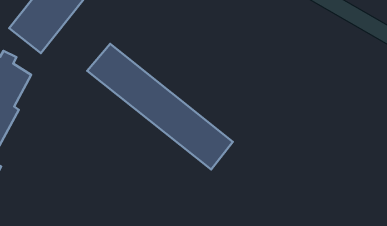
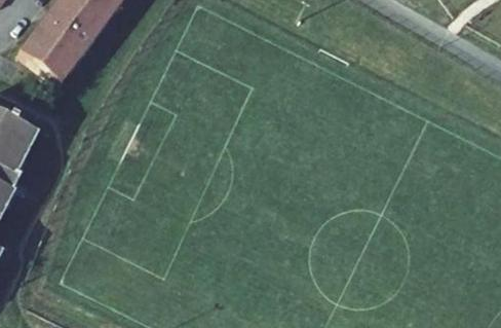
building: [87,44,233,169] -> none

